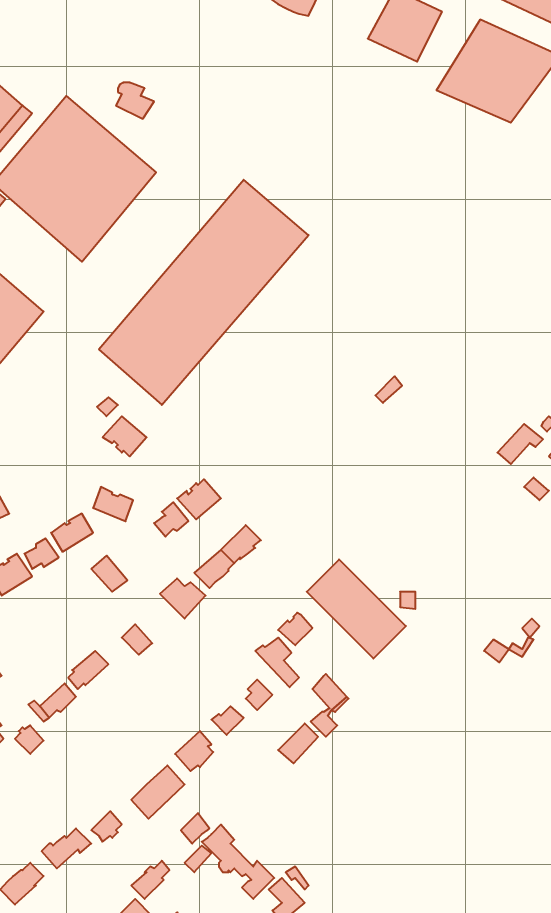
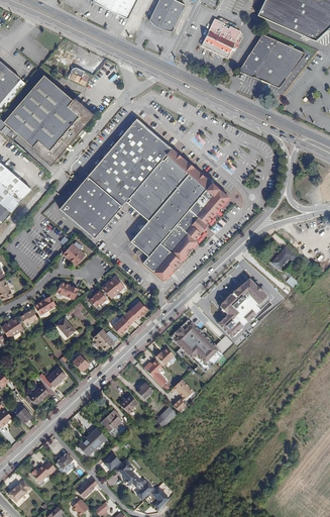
building: none -> [125,147,228,279]
building: none -> [218,276,273,337]

